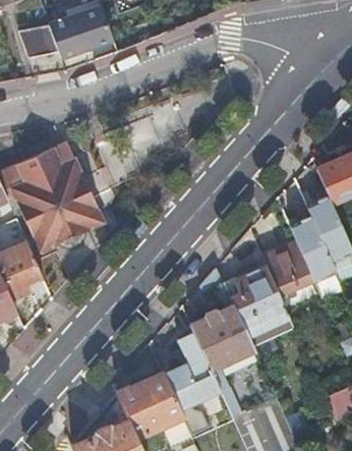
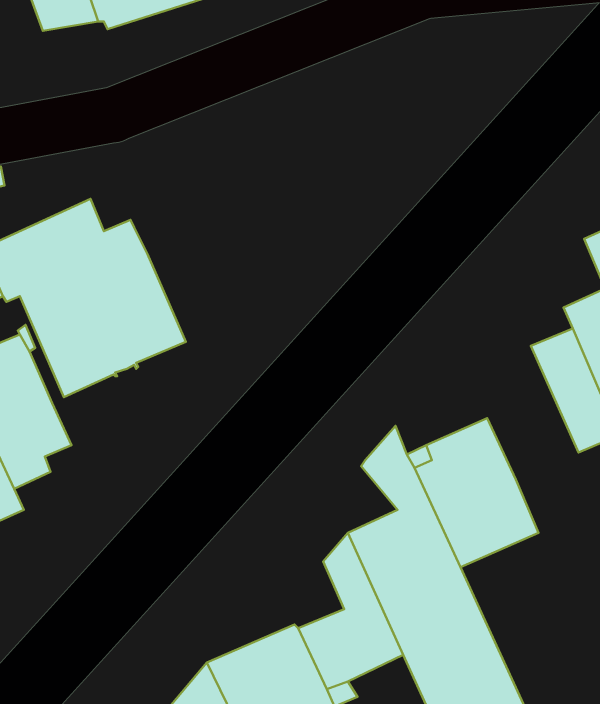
building: [261,242,313,296] -> none

